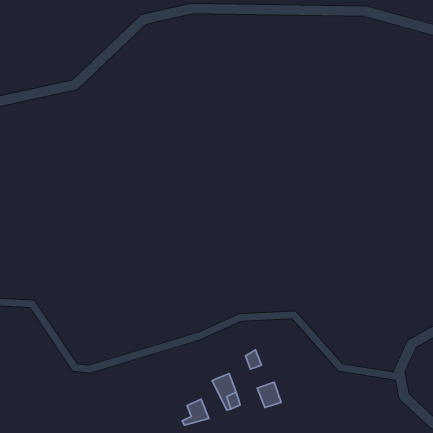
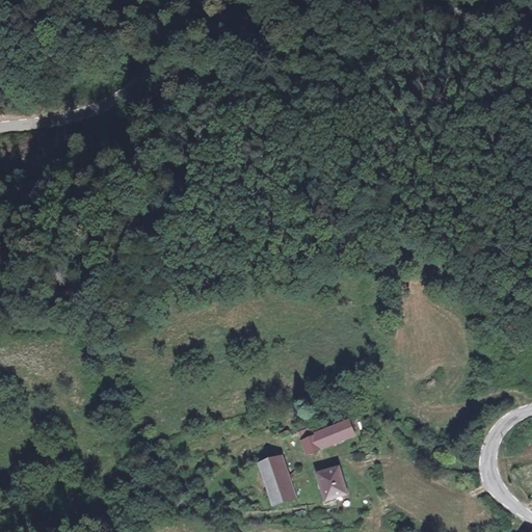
building: none -> [315,420,355,447]
building: [182,399,209,425] -> none

